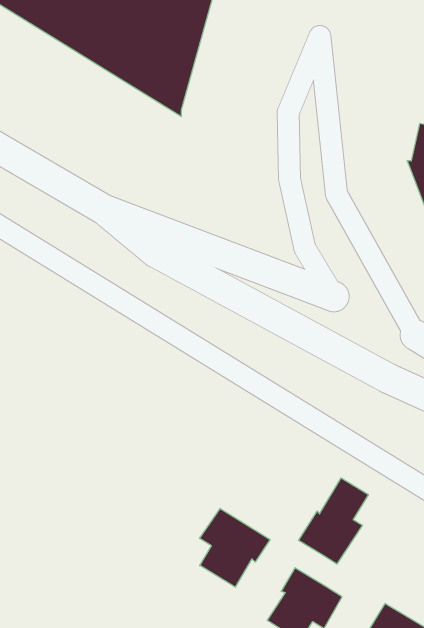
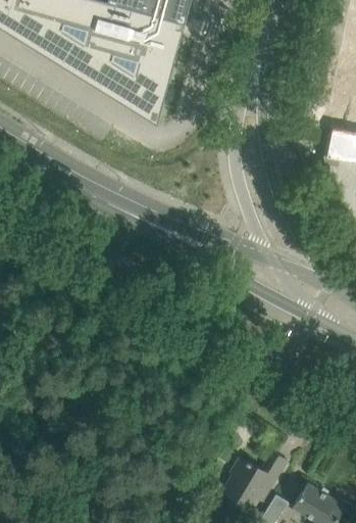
building: [299,478,368,564] -> none
building: [200,508,270,587] -> none

